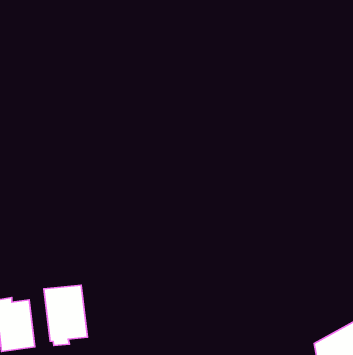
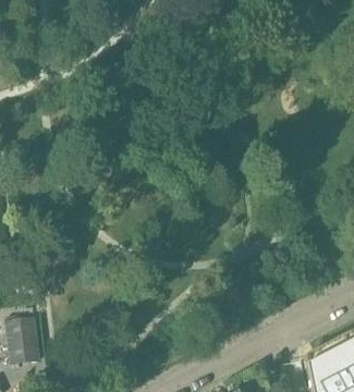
building: [44,285,87,345] -> none

